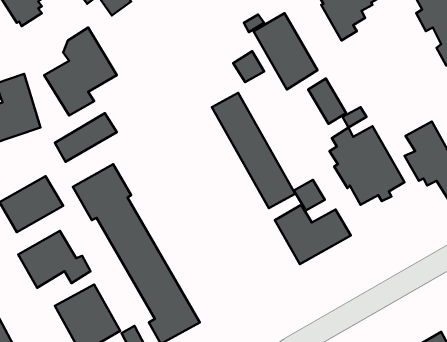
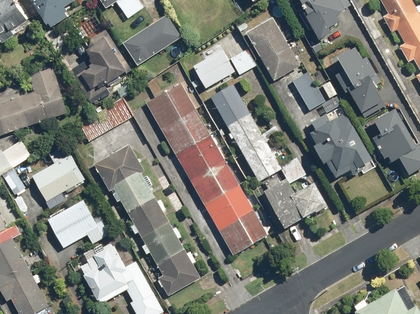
building: none -> [123,15,180,65]
building: none -> [192,44,233,88]
building: none -> [335,47,384,116]
building: none -> [145,83,266,255]

